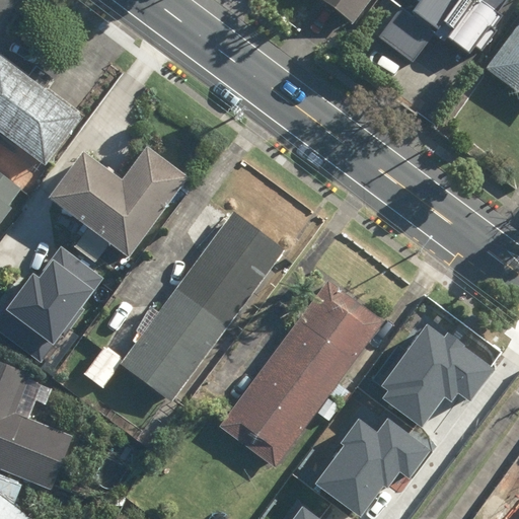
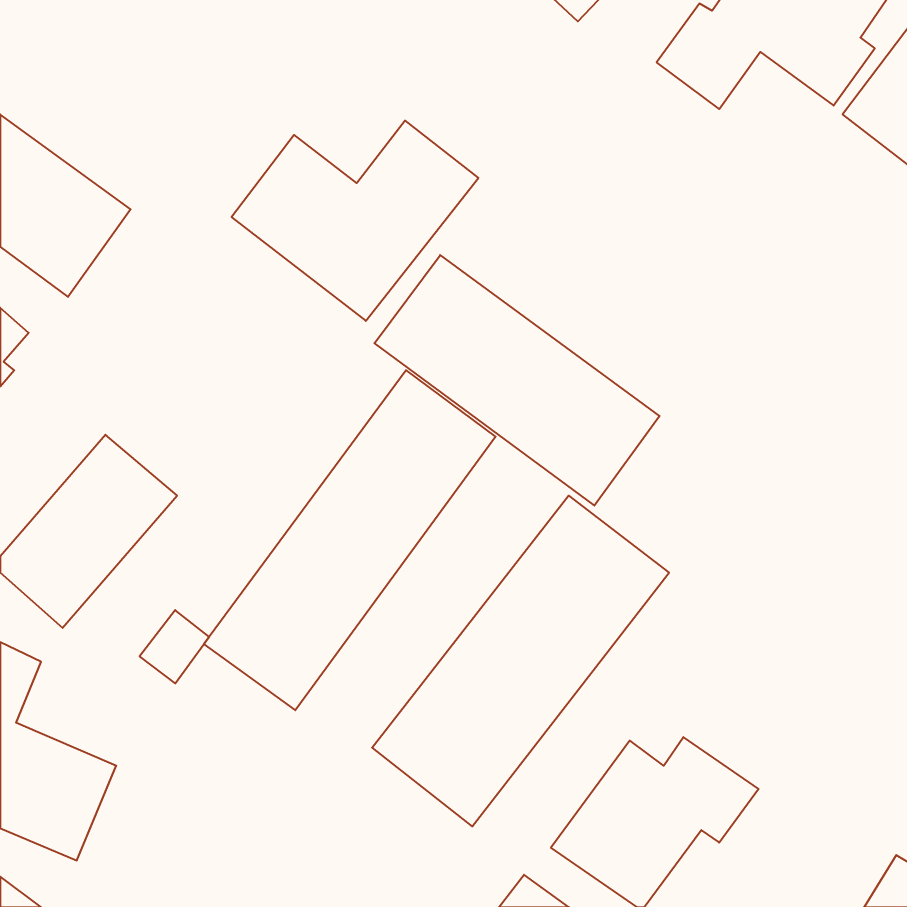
building: none -> [374,255,660,506]
building: [46,146,186,260] -> [232,121,478,321]
building: [386,318,493,421] -> none

